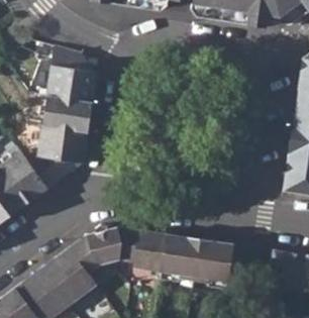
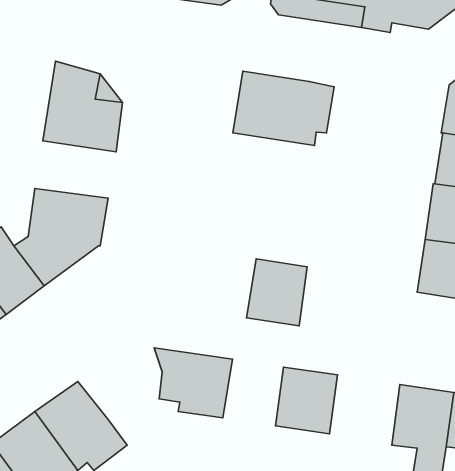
building: none -> [233,71,334,145]
building: [41,95,93,131] -> none
building: [69,223,122,272] -> none
building: [161,233,199,276] -> [246,259,307,326]

